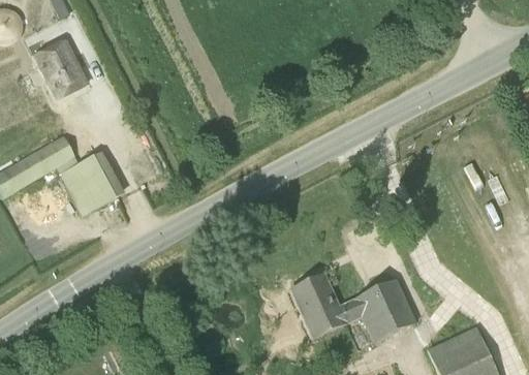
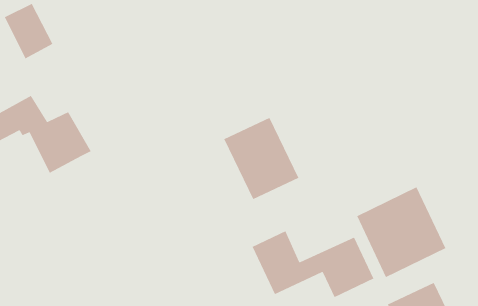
building: none -> [223,117,300,200]
building: none -> [356,186,447,278]

